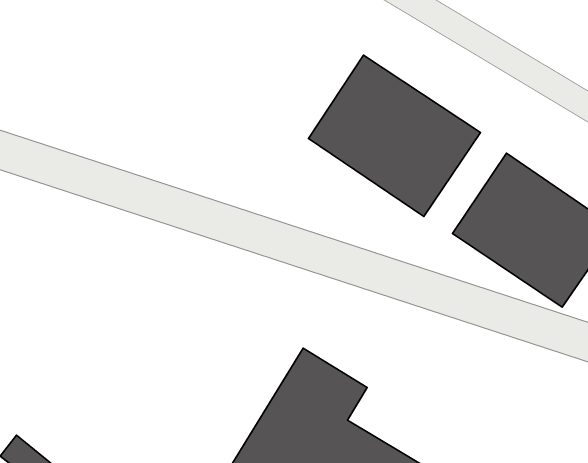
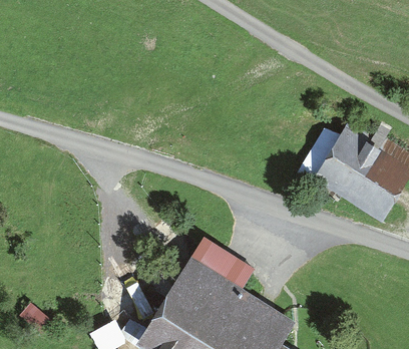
building: [308,55,481,217] -> none

